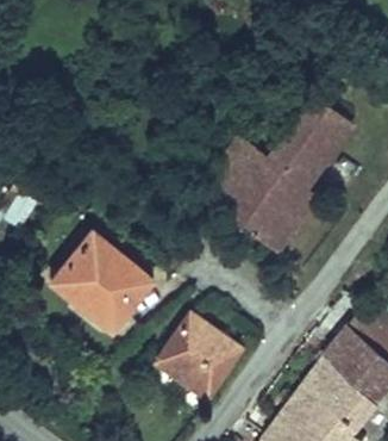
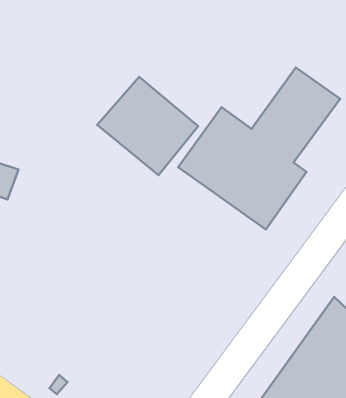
building: [50,230,150,328] -> [97,77,198,175]
building: [156,312,240,395] -> none

